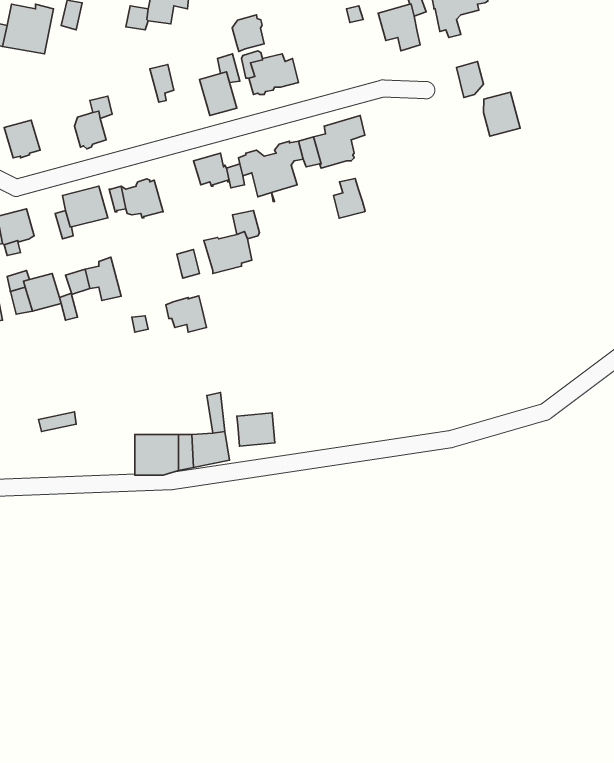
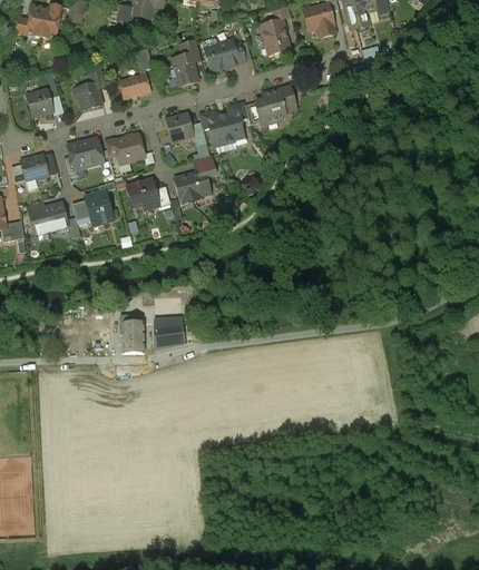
building: [232,15,264,51] -> none
building: none -> [260,19,290,55]
building: [484,92,520,136] -> none
building: none -> [119,75,149,98]
building: [333,178,365,218] -> none
building: [166,296,206,332] -> [127,179,157,206]
building: [237,413,275,446] -> none

